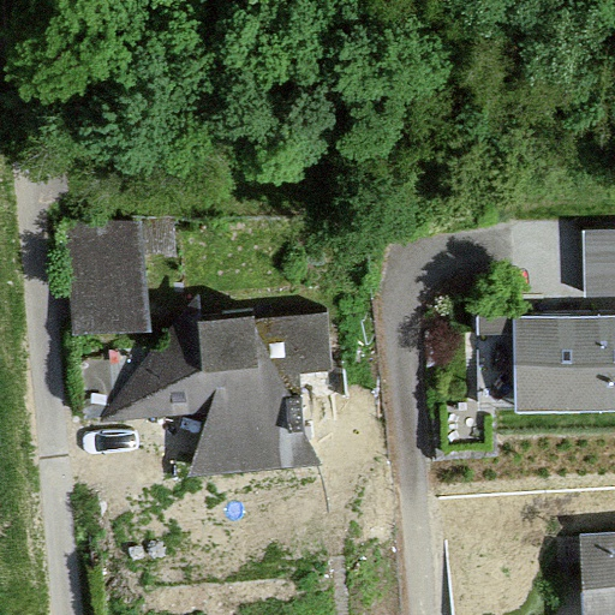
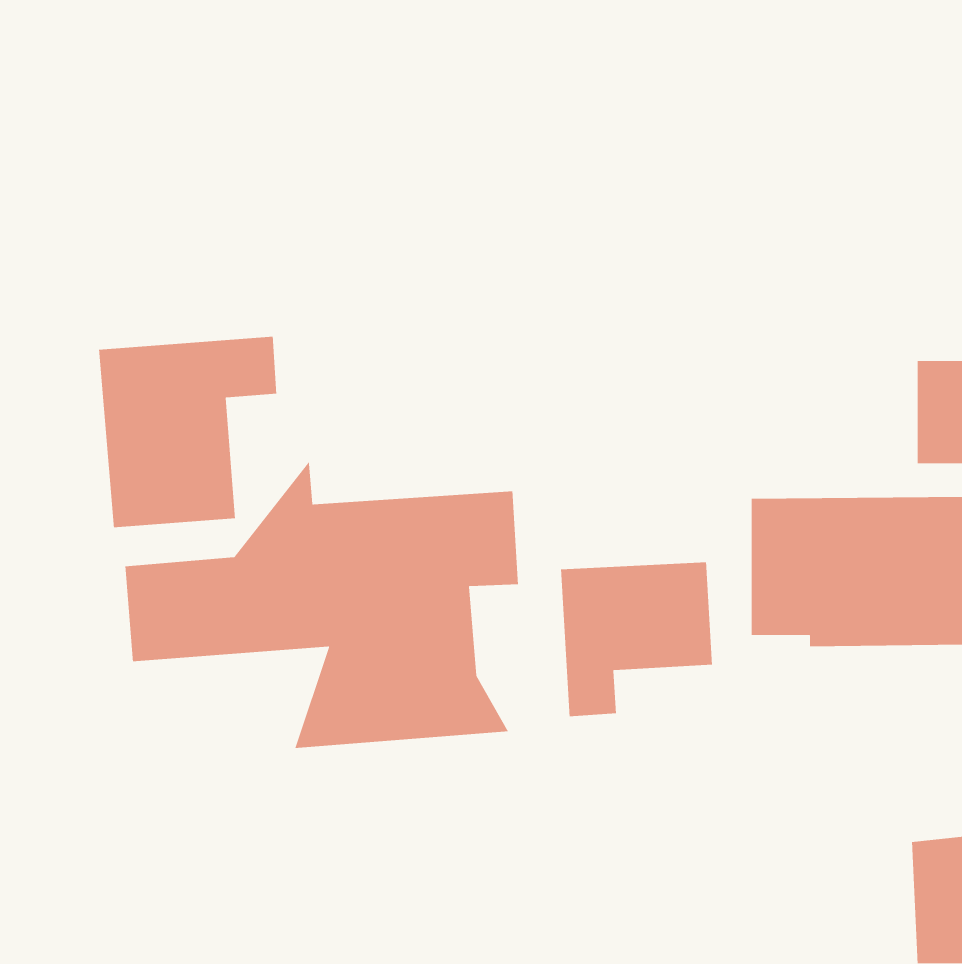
building: none -> [560,561,713,717]

